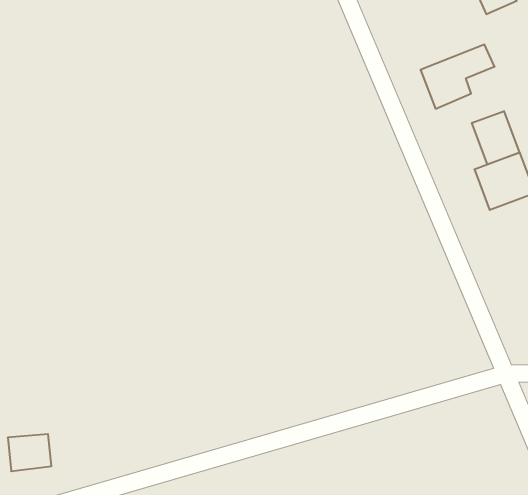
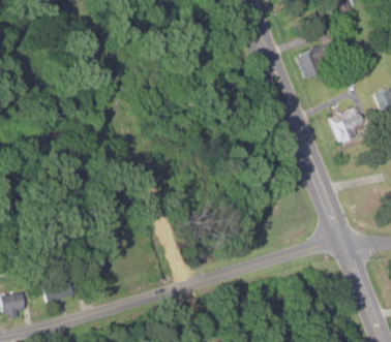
building: [472,111,519,164] -> none

